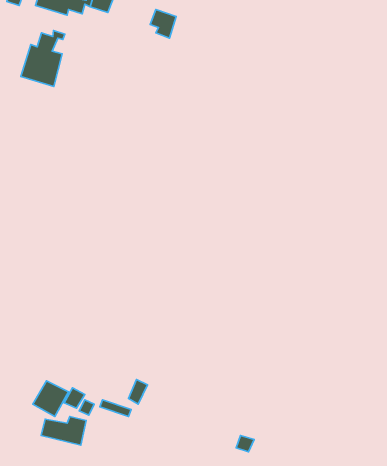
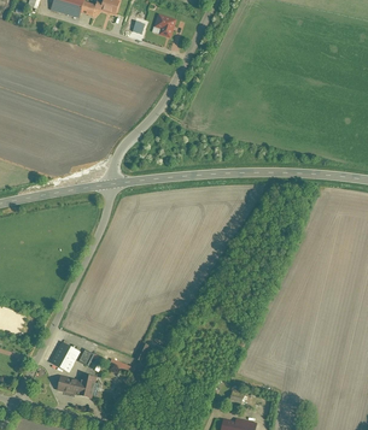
building: [21,30,65,87] -> none

